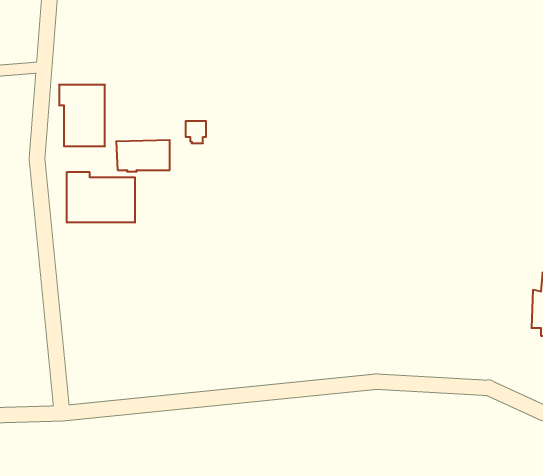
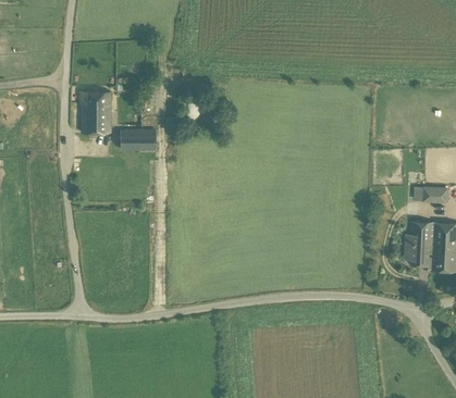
building: [67,172,135,223] -> none

